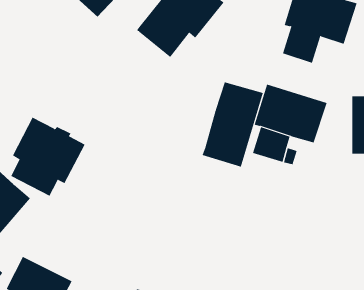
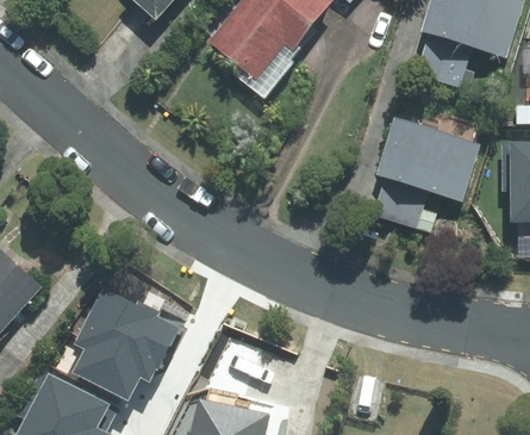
building: [202,82,263,168] -> none
building: [10,117,86,196] -> [71,286,179,399]

